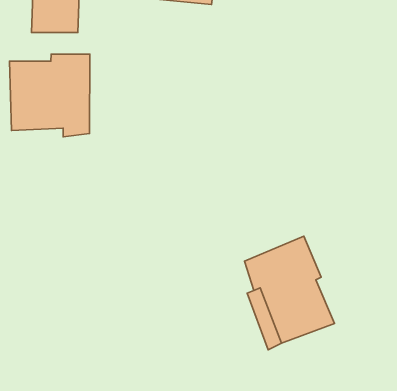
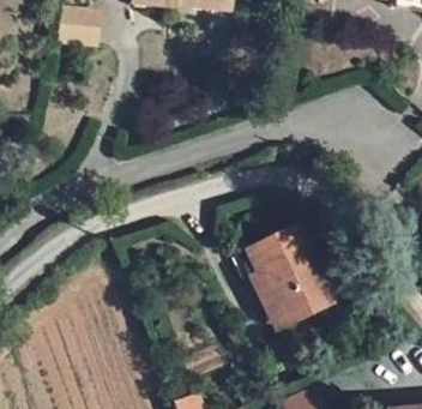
building: [10,54,90,137] -> none

